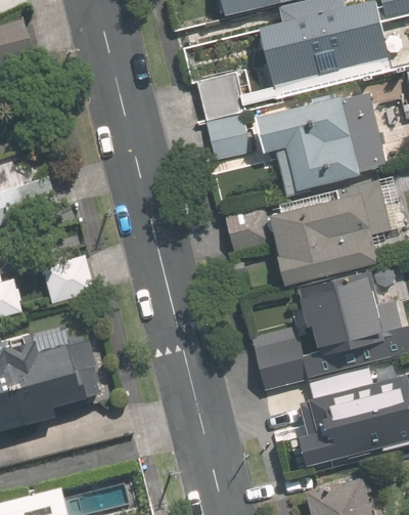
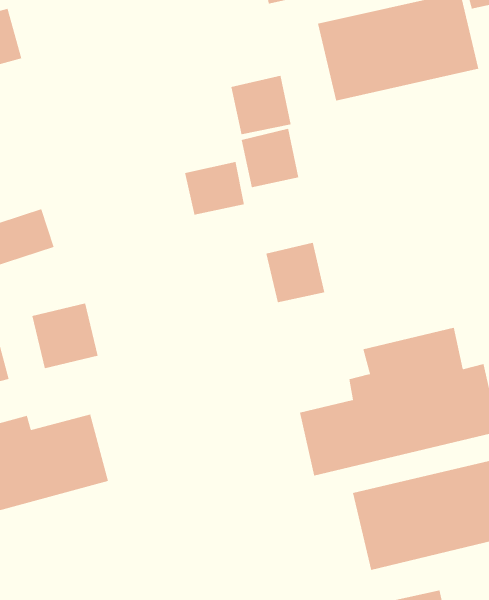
building: [259,91,384,194] -> none
building: none -> [185,161,244,215]
building: [272,179,392,283] -> none

